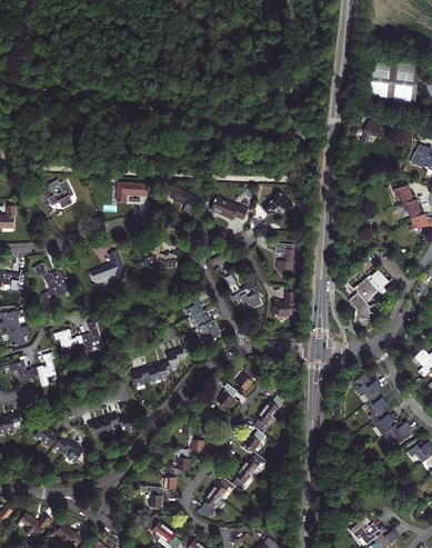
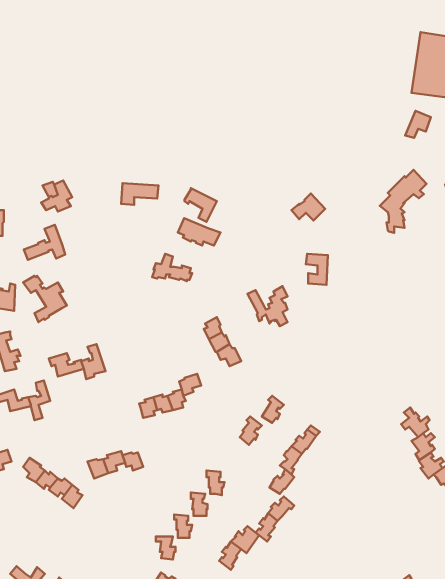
building: [211,196,248,219] -> [178,218,220,245]
building: [90,250,125,280] -> [24,225,65,260]
building: [349,270,389,325] -> [380,170,426,233]
building: [271,292,299,318] -> none

